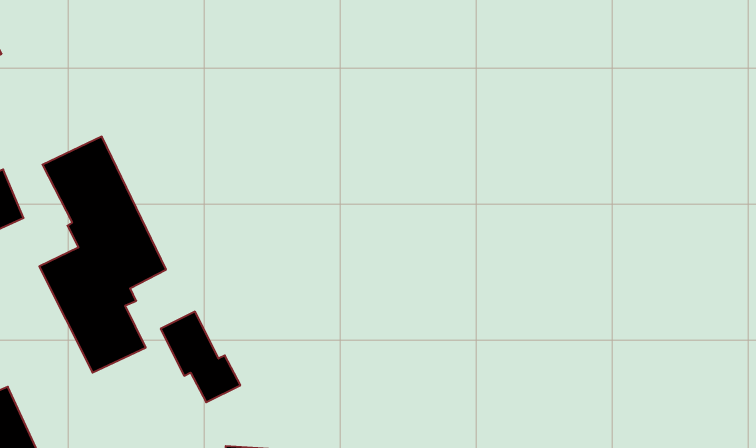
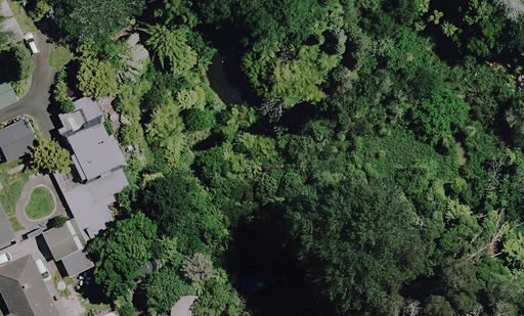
building: [161,312,240,402] -> [39,218,91,277]

